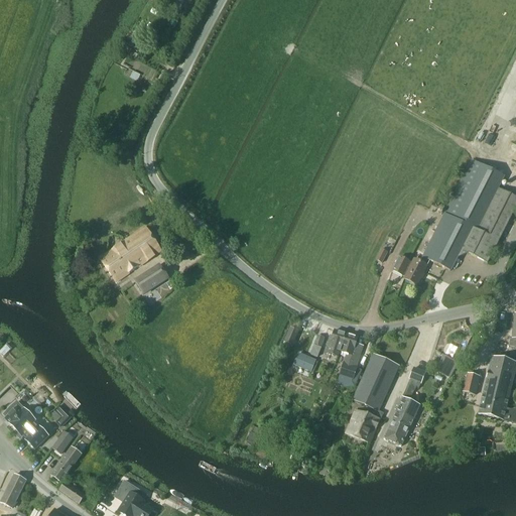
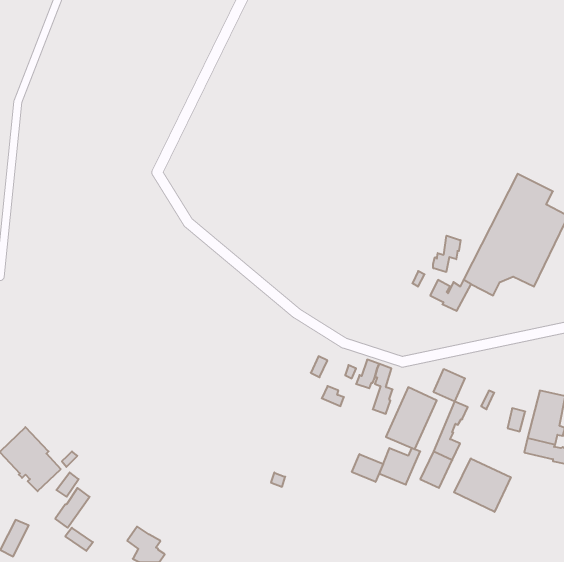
building: none -> [433,236,461,272]
building: [100,226,162,280] -> none
building: [136,264,168,292] -> none
building: none -> [434,369,465,402]
building: none -> [352,454,383,482]
building: none -> [454,458,511,512]

